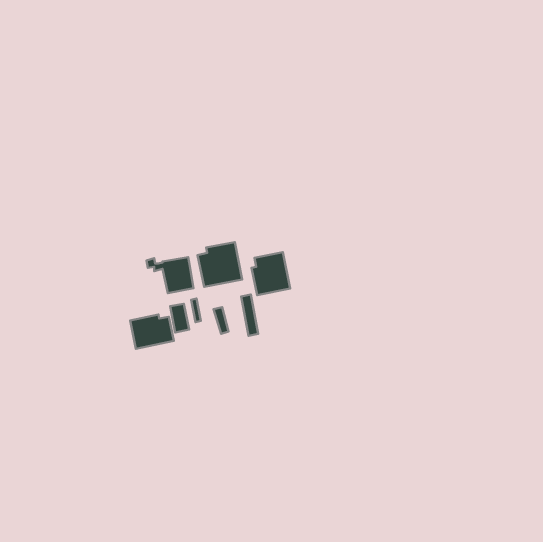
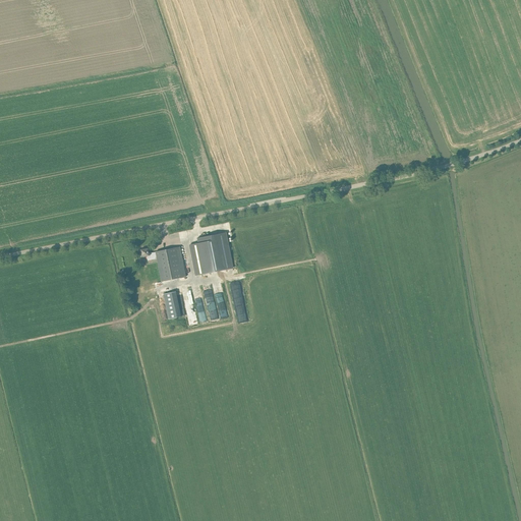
building: [251,252,290,295] -> none
building: [130,315,174,349] -> none

